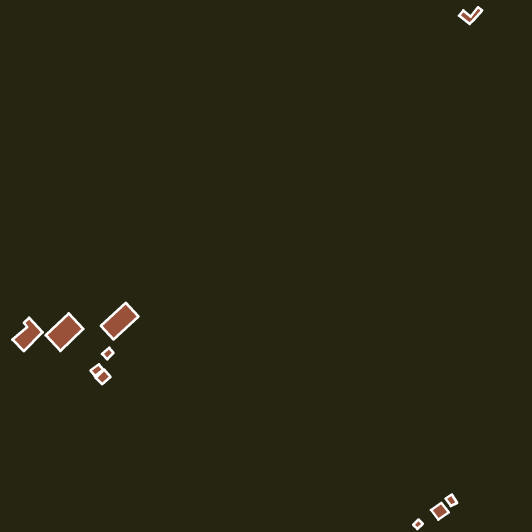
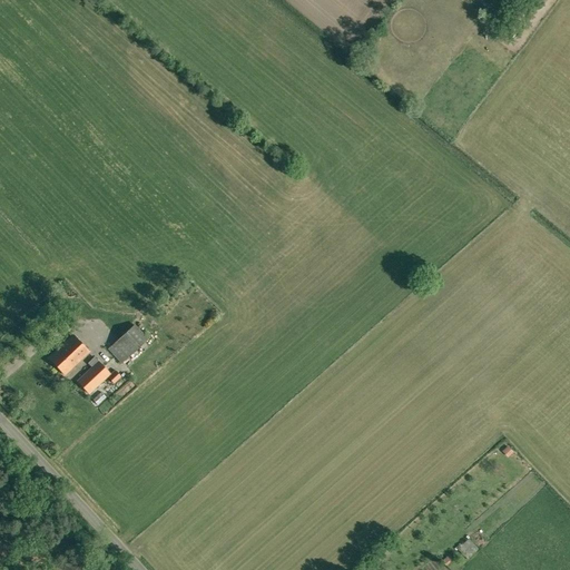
building: [12,318,43,351] -> [77,357,109,393]

